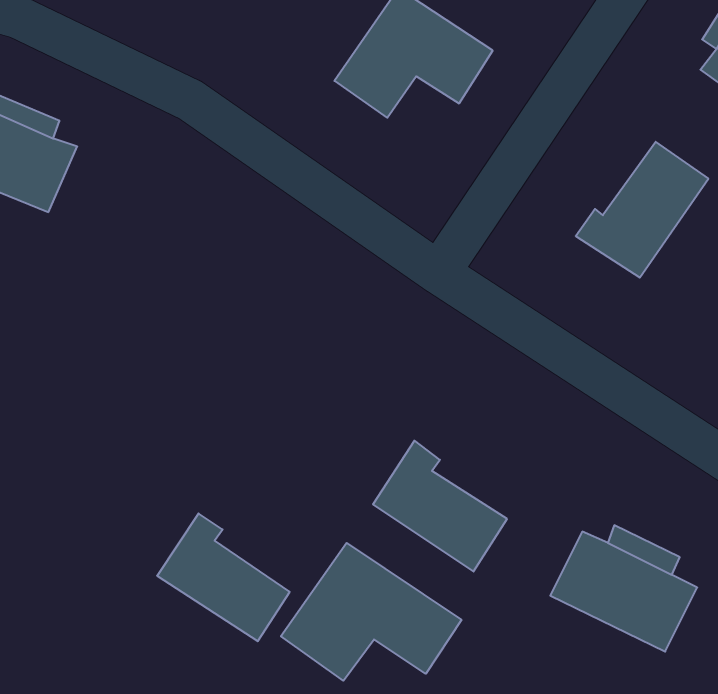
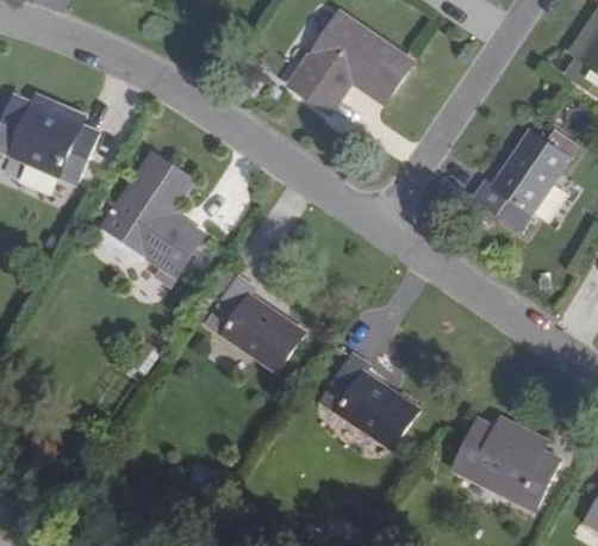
building: none -> [105,156,201,275]
building: [157,513,290,641] -> [205,277,304,372]
building: [281,543,461,681] -> none

